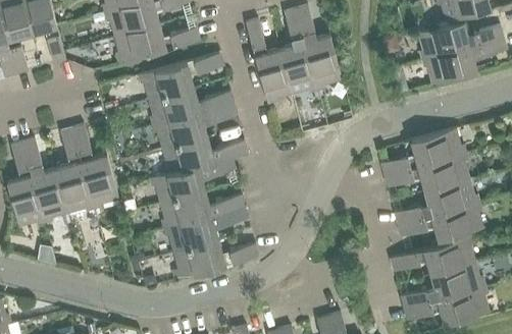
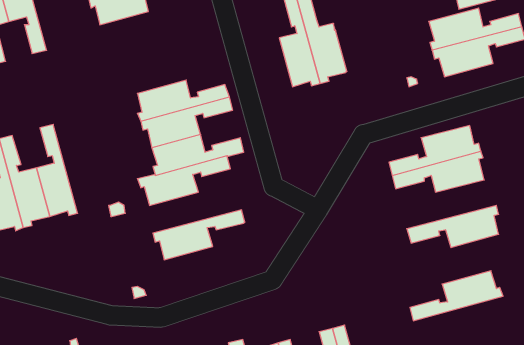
building: [245,19,292,105] -> none
building: [114,24,199,63] -> none
building: [138,53,223,100] -> none
building: [71,125,118,210] -> none
building: [394,179,479,224] -> none
building: [160,190,245,228] -> none
building: [390,236,474,275] -> none
building: [173,240,258,279] -> none
building: [403,286,489,325] -> none

